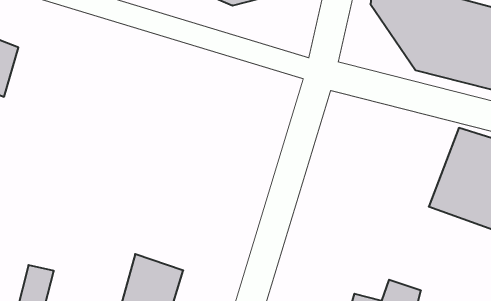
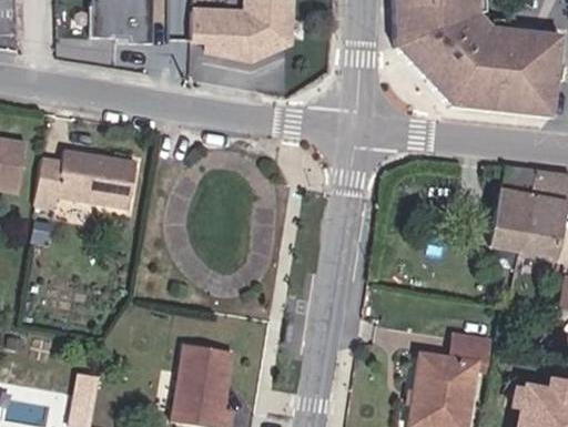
building: none -> [36,150,136,218]

